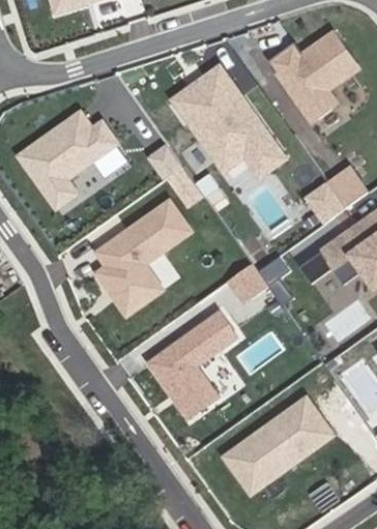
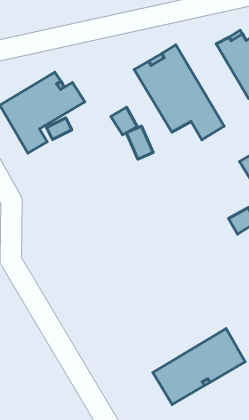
building: [97,200,190,313] -> none
building: [228,261,270,303] -> none
building: [145,306,242,421] -> none

